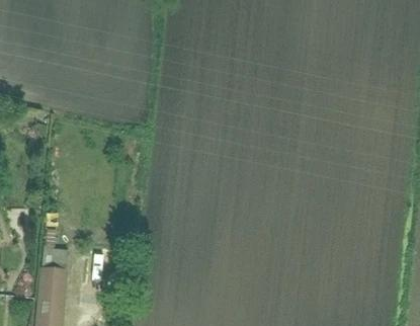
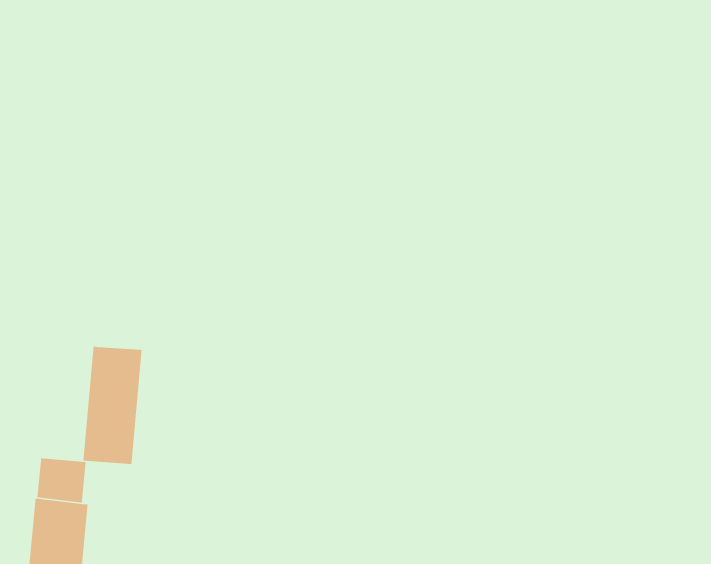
building: none -> [82,345,143,465]

